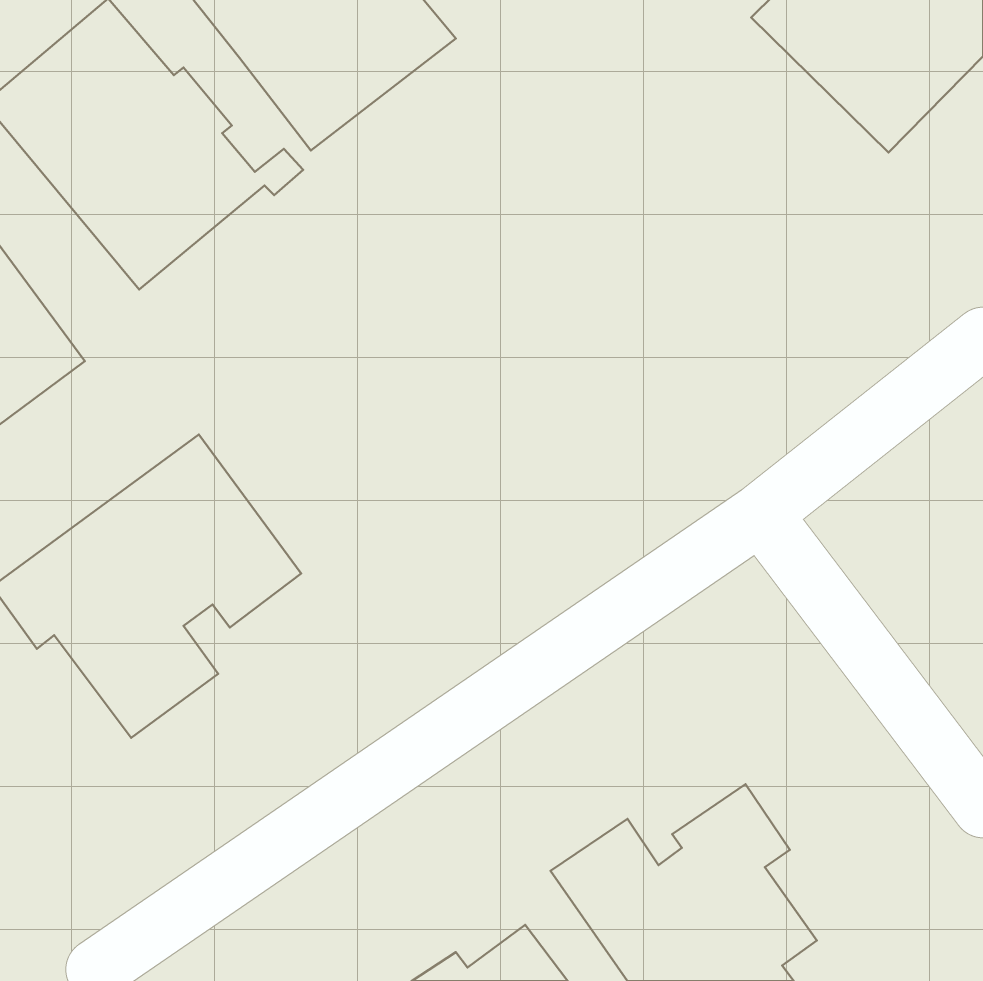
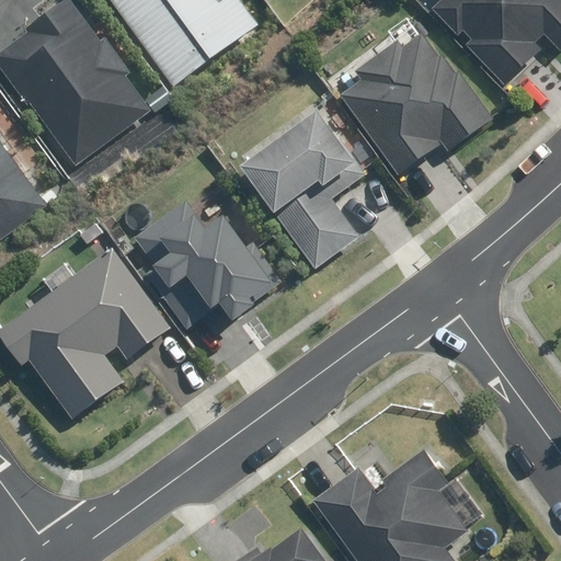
building: none -> [337,25,491,176]
building: none -> [239,110,364,268]
building: none -> [136,196,282,325]

